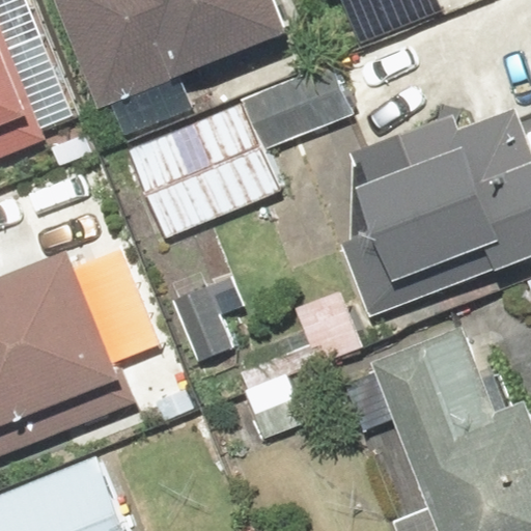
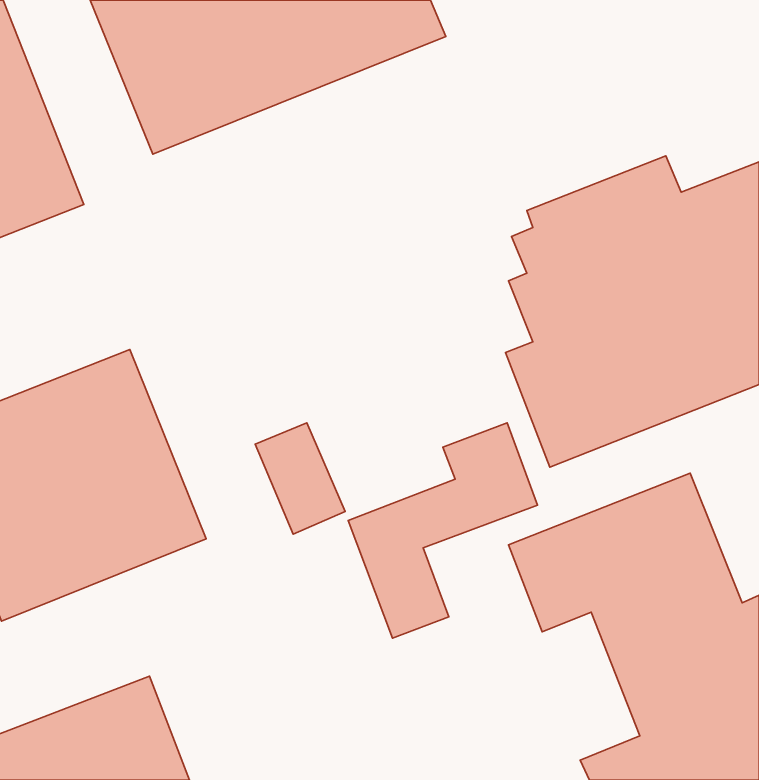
building: [128,67,353,235] -> none

